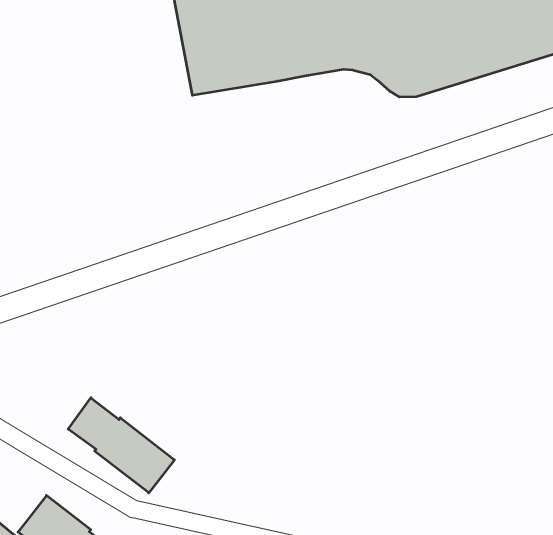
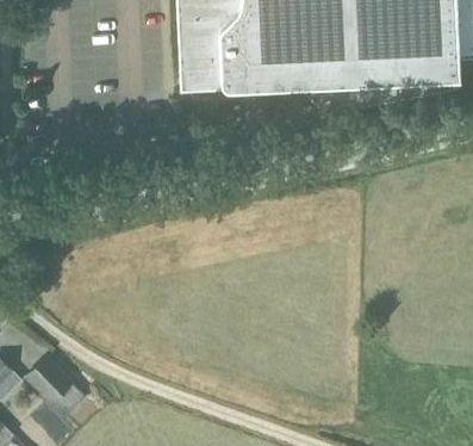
building: [68,398,174,493] -> none

